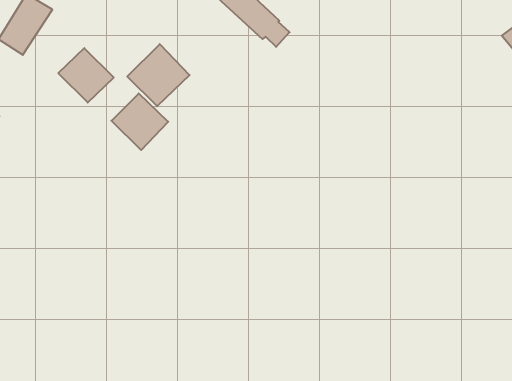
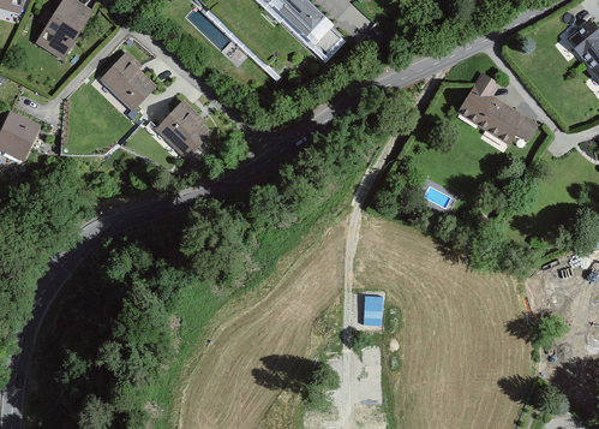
building: [127,44,190,106] -> none
building: none -> [456,75,541,145]

